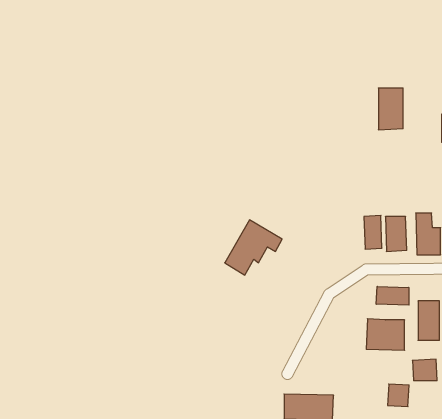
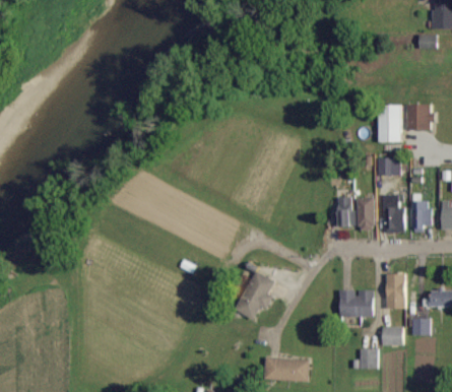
building: [378,88,403,130] -> [378,105,400,142]
building: none -> [376,157,399,176]
building: [225,220,282,275] -> [234,270,285,320]
building: [376,286,409,305] -> none

